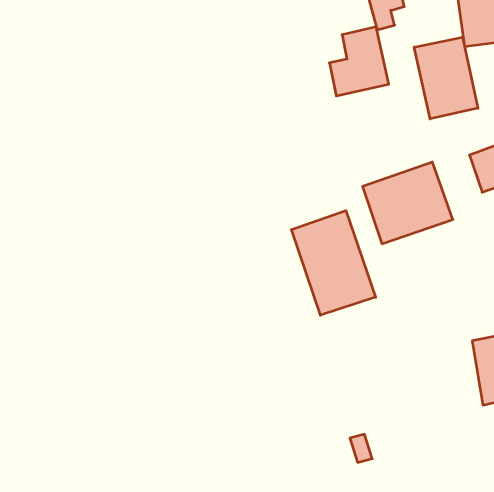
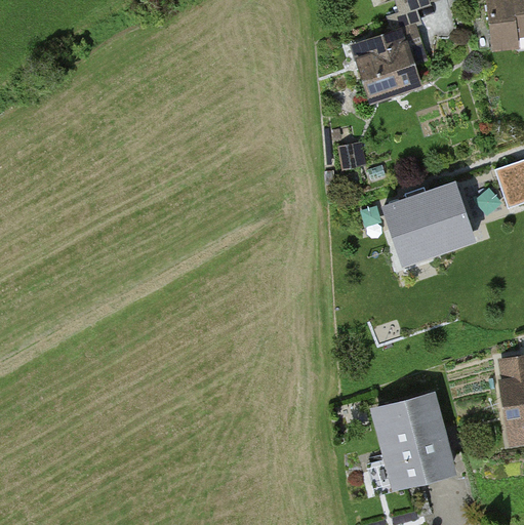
building: [414,37,478,119] -> none
building: [291,211,376,315] -> none
building: none -> [377,399,452,487]

